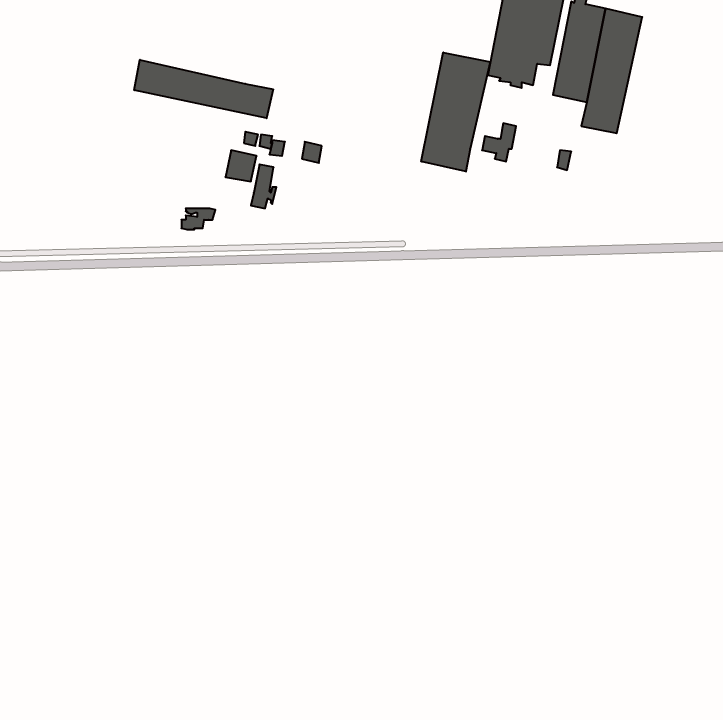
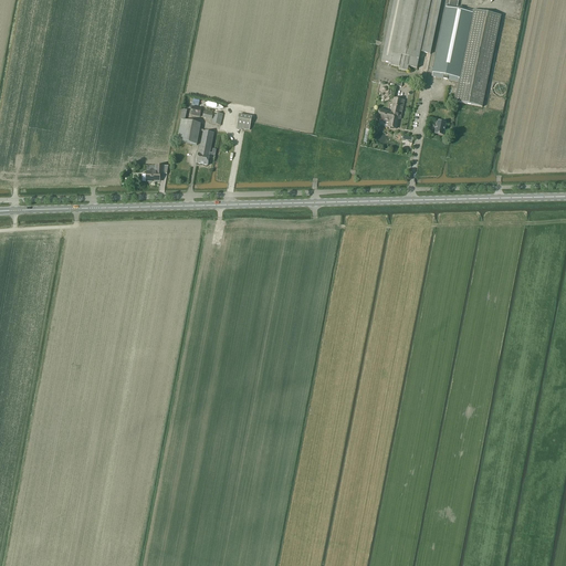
building: [421,52,490,172] -> none
building: [134,60,273,118] -> none

